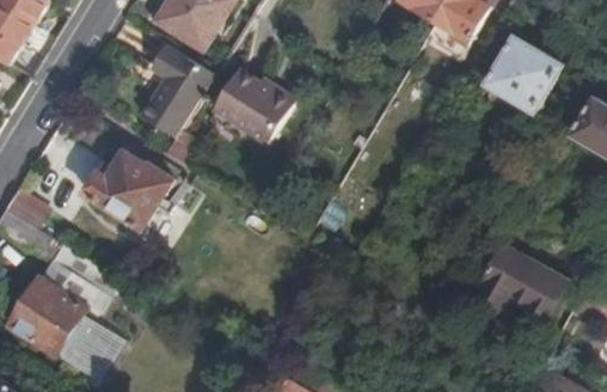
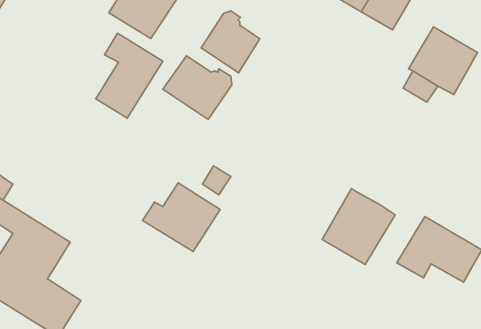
building: none -> [201,11,260,73]
building: [85,151,171,227] -> [142,183,220,252]
building: none -> [322,189,395,265]

